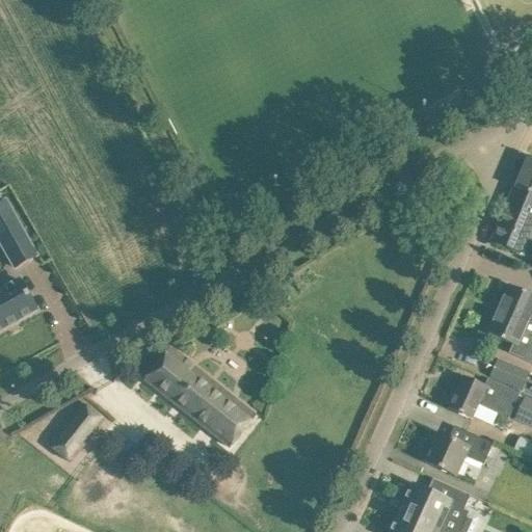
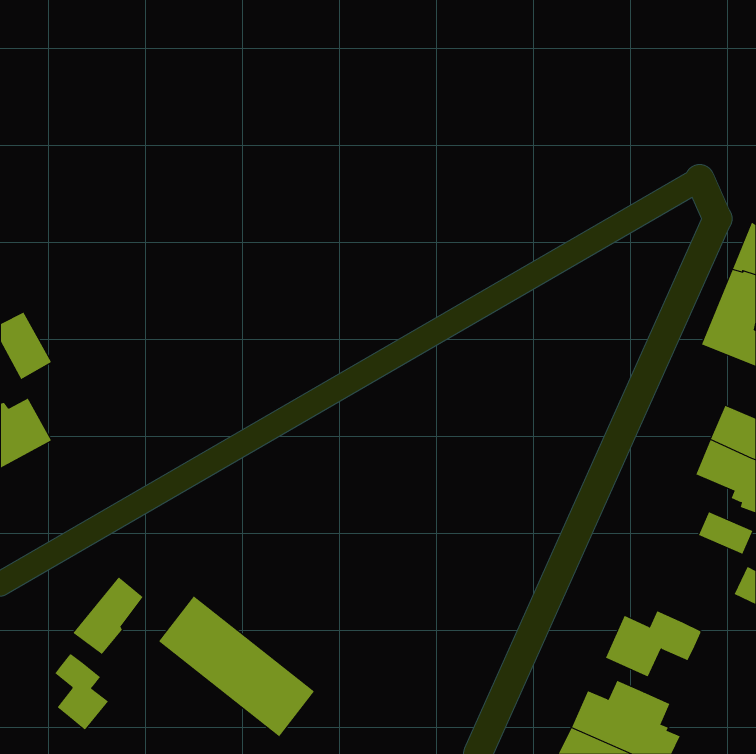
building: [145,347,256,447] -> [158,595,315,737]
building: [446,376,518,425] -> none
building: none -> [55,653,109,730]

